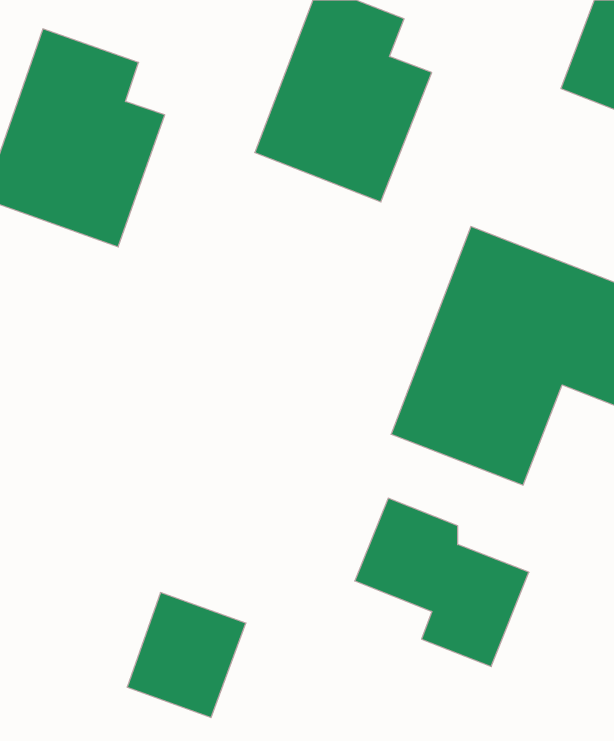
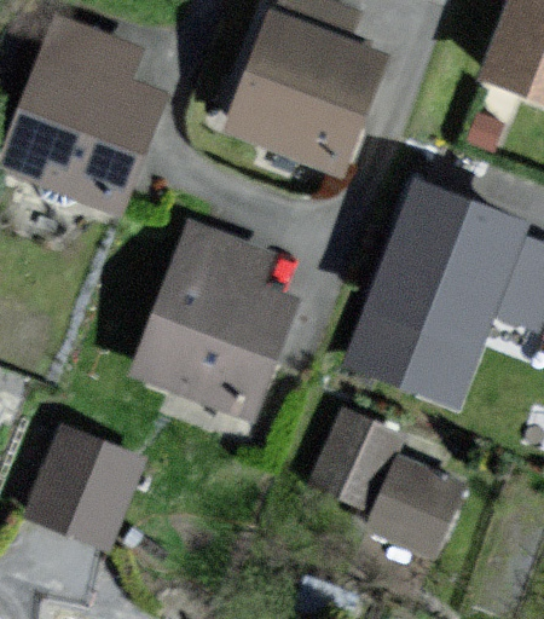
building: none -> [138,227,290,411]
building: [127,593,246,718] -> [36,433,135,537]

